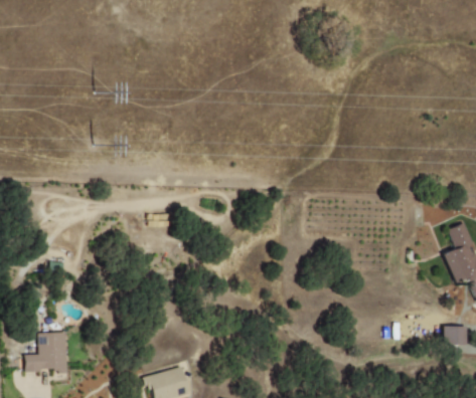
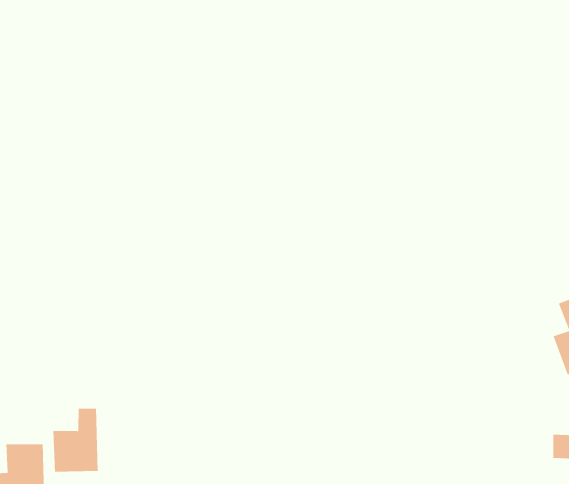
building: none -> [52,408,98,472]

